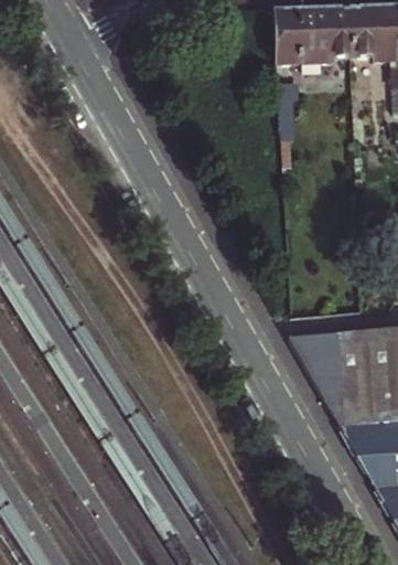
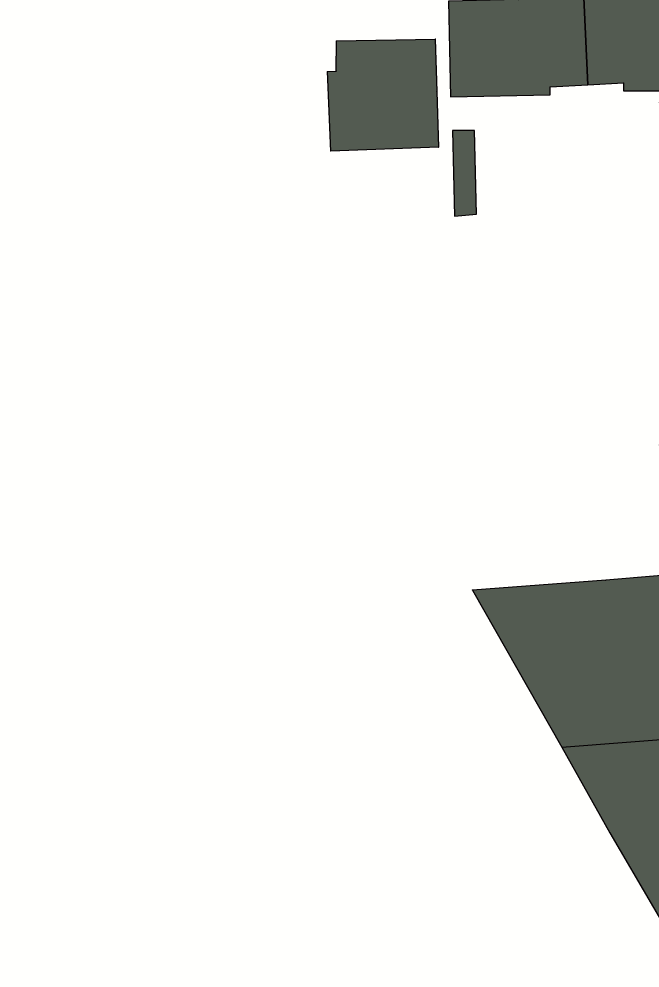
building: none -> [327,39,438,151]

